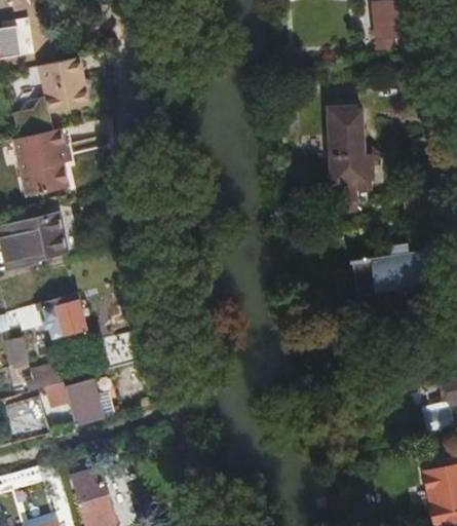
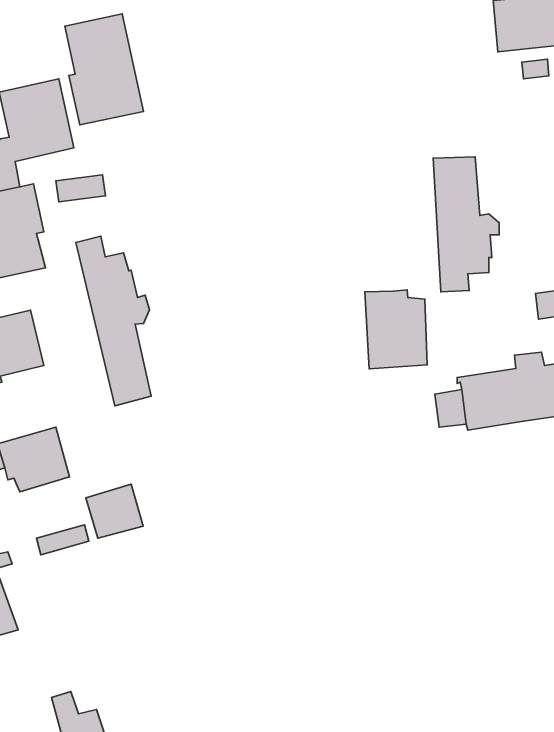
building: none -> [65,14,144,125]
building: none -> [76,236,151,406]
building: none -> [365,290,427,369]
building: [65,378,103,426] -> none

